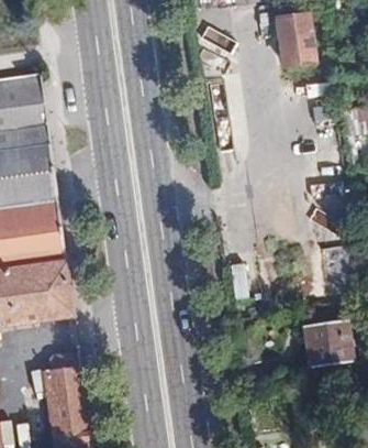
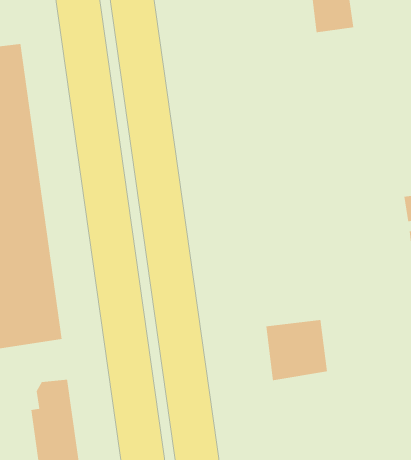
building: [301,318,353,369] -> [265,319,328,381]

